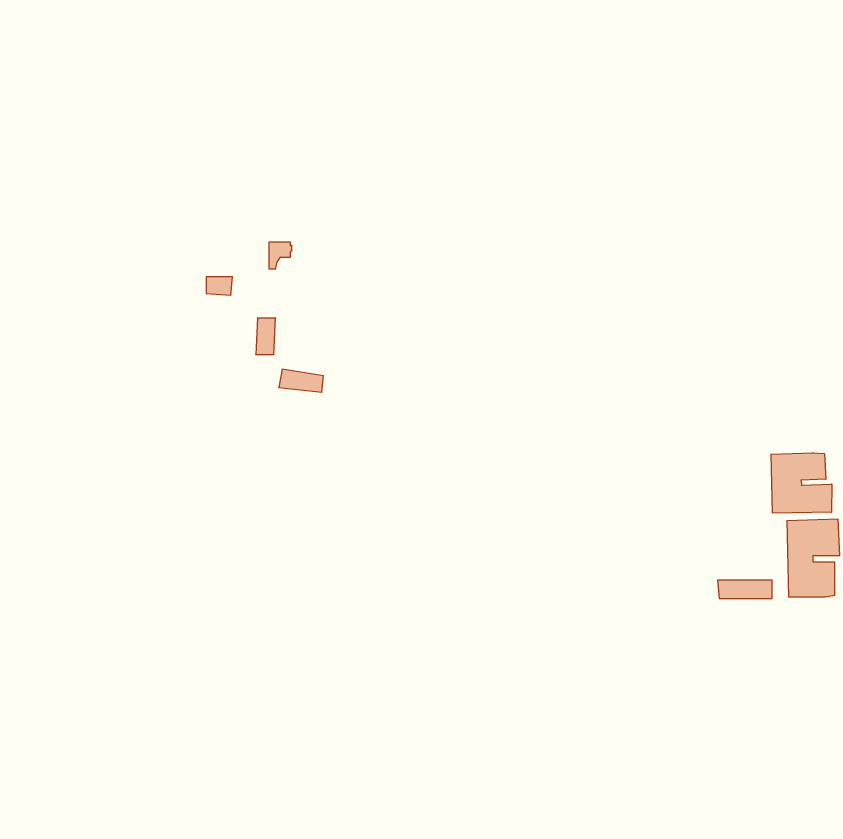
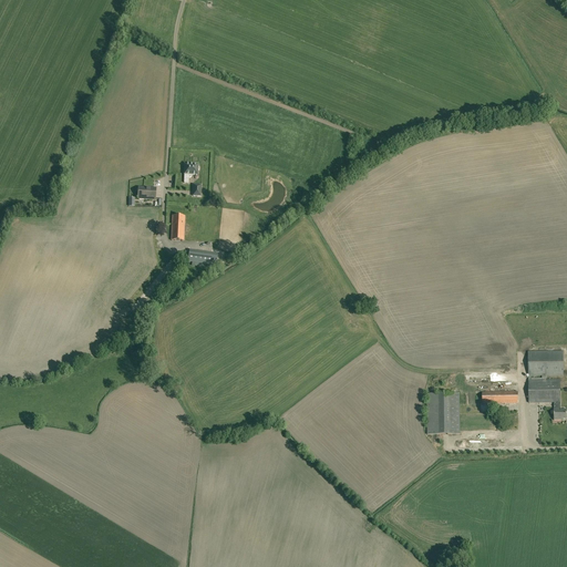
building: [771,453,832,513] -> none
building: none -> [427,391,460,433]

